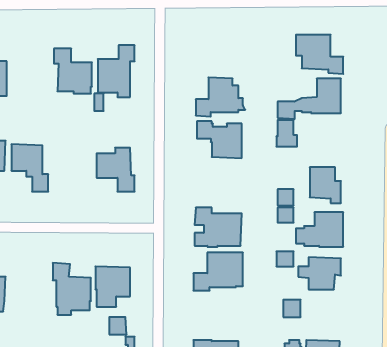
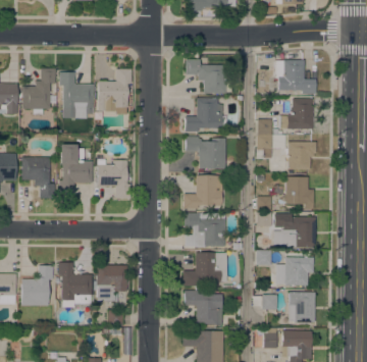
building: none -> [186,59,225,95]
building: none -> [22,67,55,115]
building: none -> [281,141,316,169]
building: none -> [58,143,93,194]
building: none -> [183,174,222,208]
building: none -> [21,265,53,305]
building: none -> [185,290,221,324]
building: none -> [289,292,315,322]

